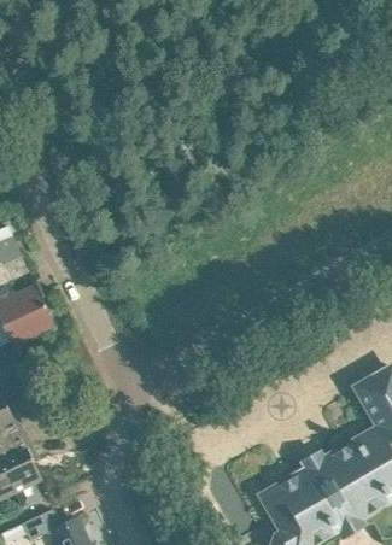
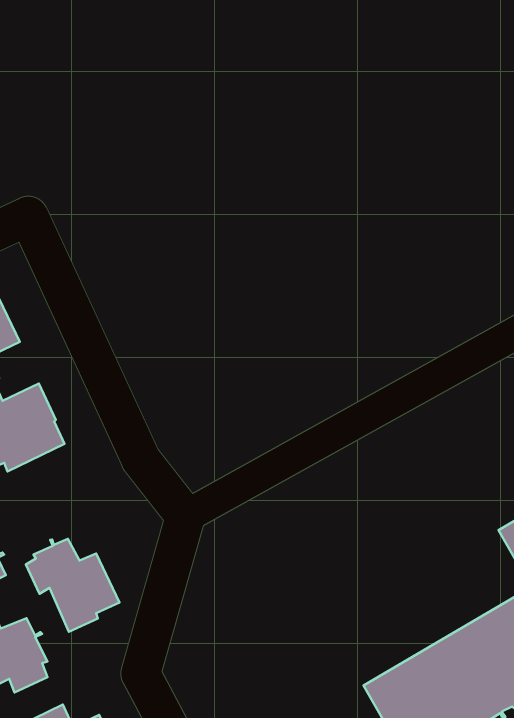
building: none -> [26,539,119,632]

